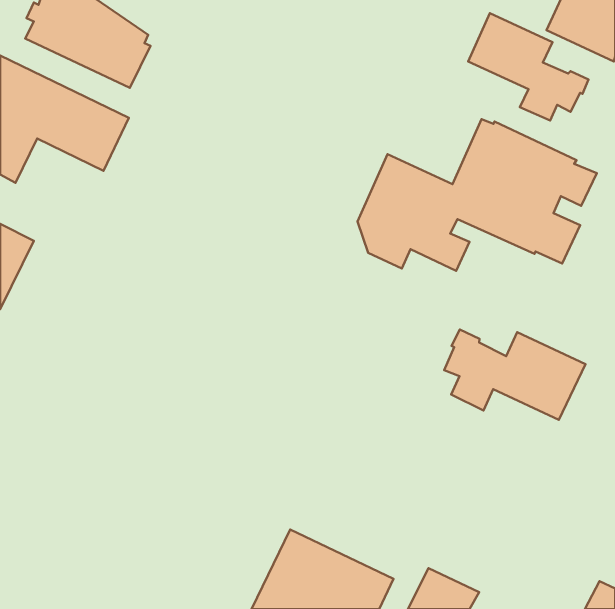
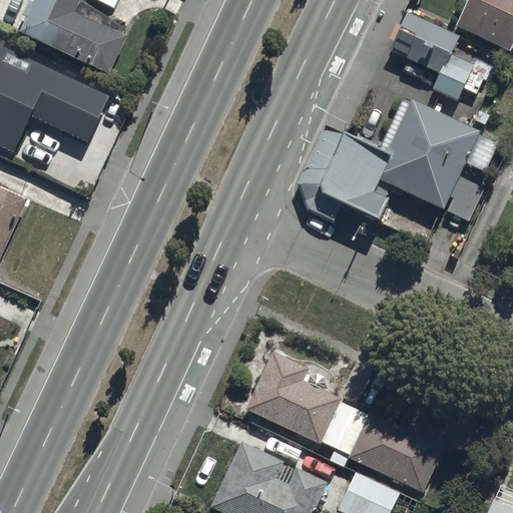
building: [444,330,586,420] -> none
building: none -> [245,351,451,492]

